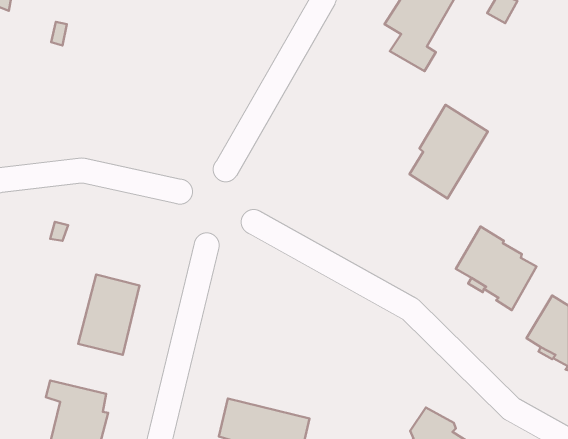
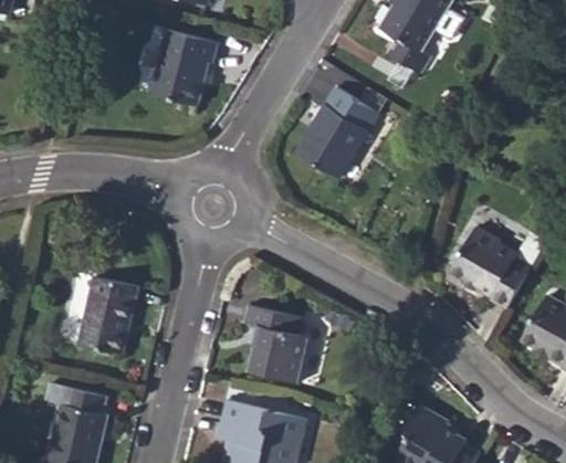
building: none -> [149,28,217,105]
building: [410,105,488,199] -> [301,86,378,179]
building: none -> [242,304,308,382]

